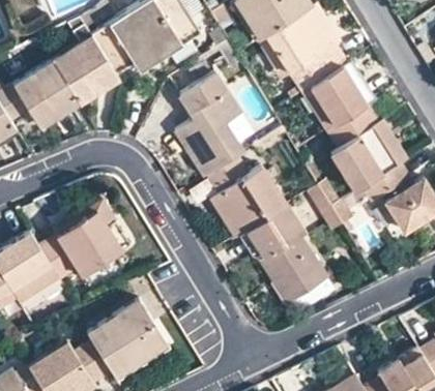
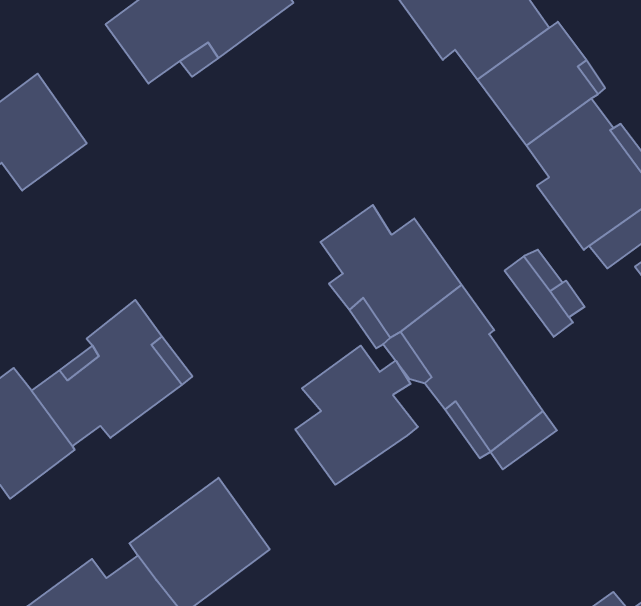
building: [52,38,118,107] -> none
building: [172,70,239,173] -> none
building: none -> [295,346,418,485]

